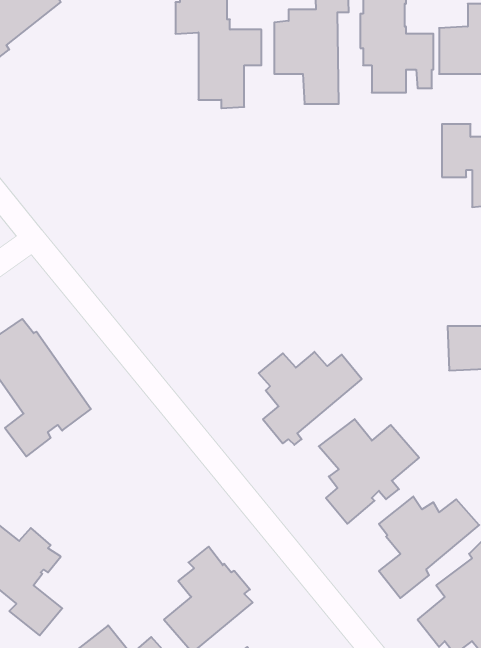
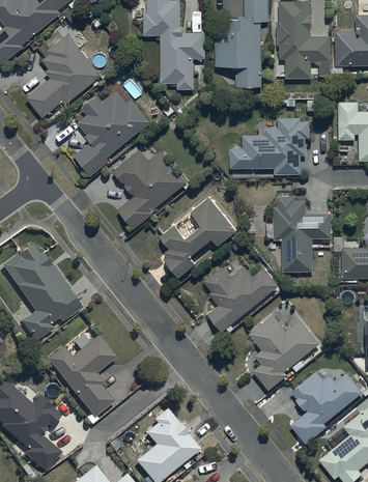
building: none -> [26,34,101,118]
building: none -> [74,91,150,175]
building: none -> [229,118,309,174]
building: none -> [111,149,187,229]
building: none -> [160,196,235,278]
building: none -> [273,196,331,273]
building: none -> [46,334,116,416]

